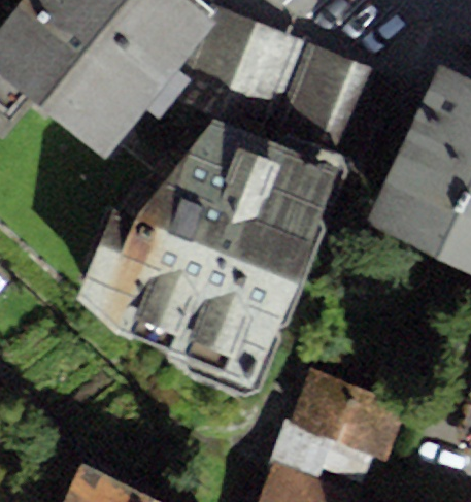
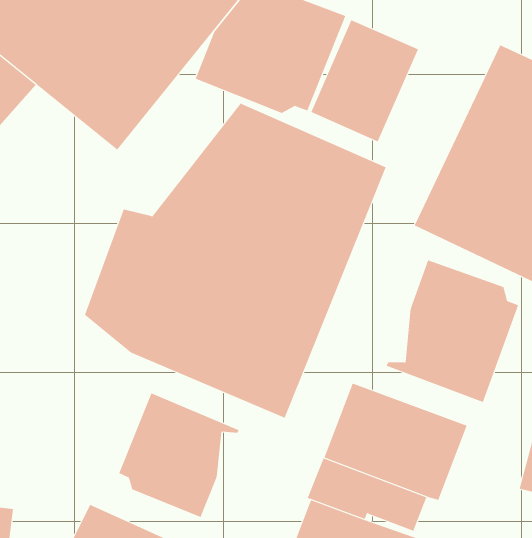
building: none -> [386,260,519,403]
building: none -> [118,392,240,518]

